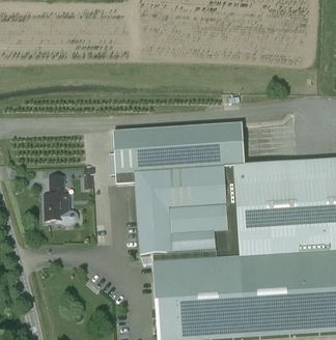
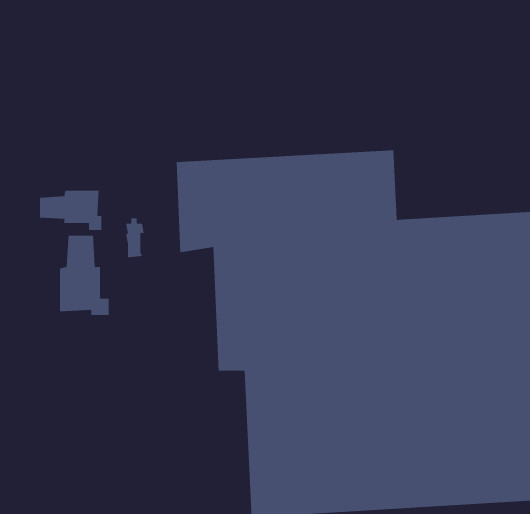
building: none -> [39,190,102,231]

